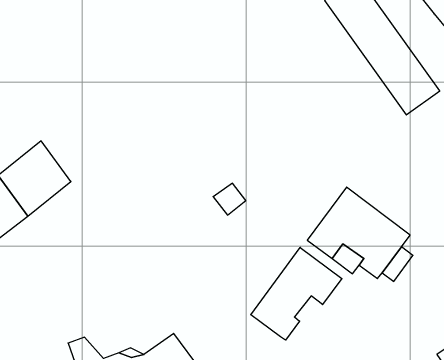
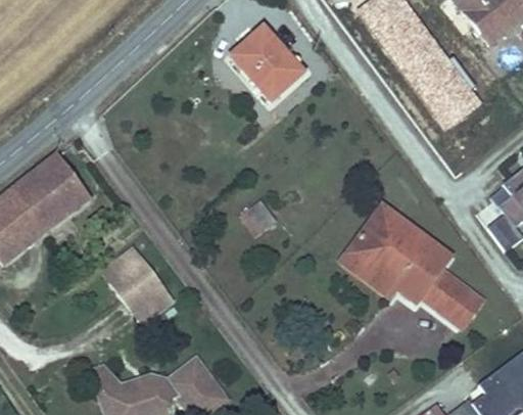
building: none -> [232,31,300,103]
building: none -> [102,247,176,326]
building: [251,247,342,340] -> none
building: none -> [432,278,481,327]

